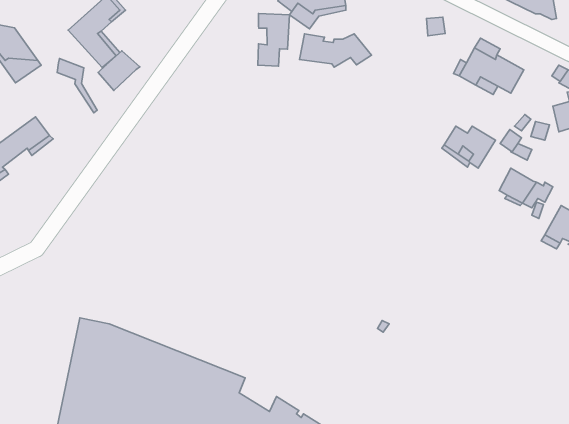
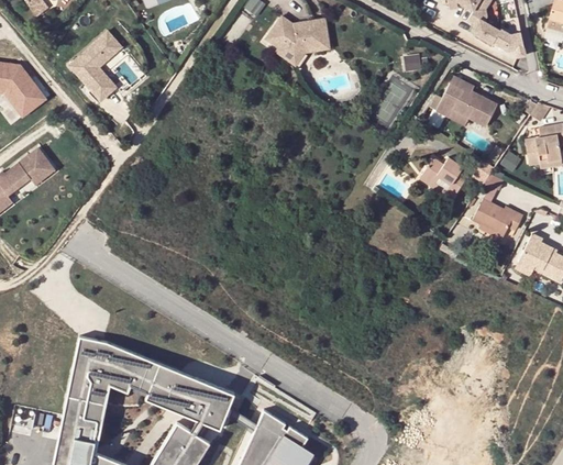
building: [258,13,290,66] -> none
building: [300,34,371,67] -> none
building: [98,51,140,91] -> none
building: [57,59,97,113] -> none

